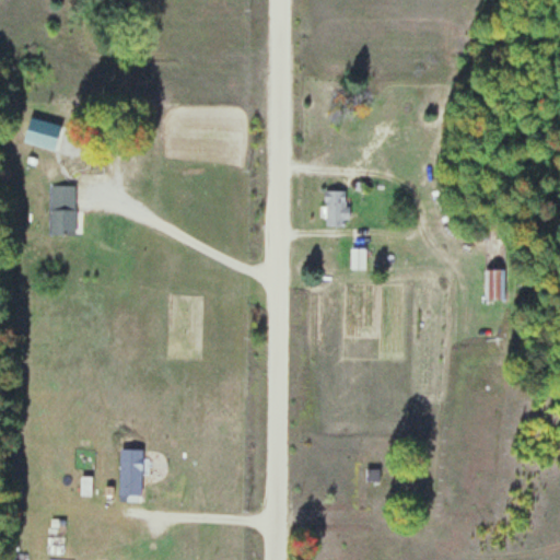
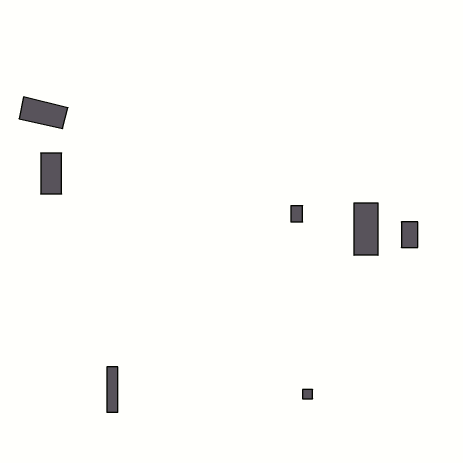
building: [324,190,347,225] -> none
building: none -> [354,203,378,255]

